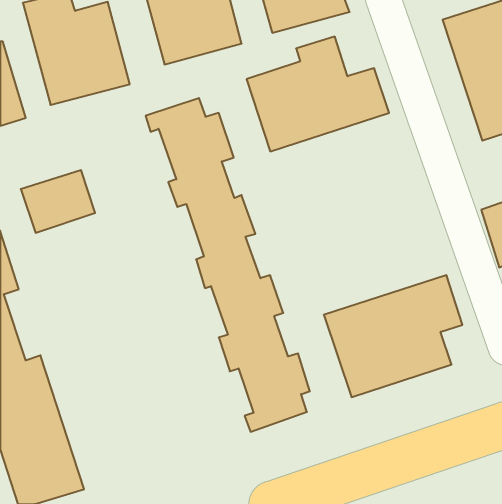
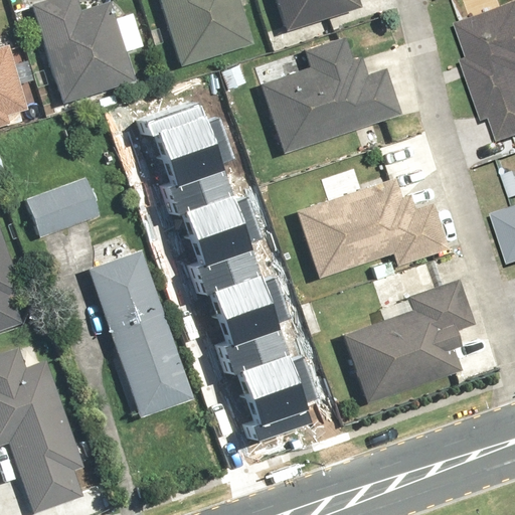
building: none -> [291,174,447,278]
building: none -> [84,250,189,417]

